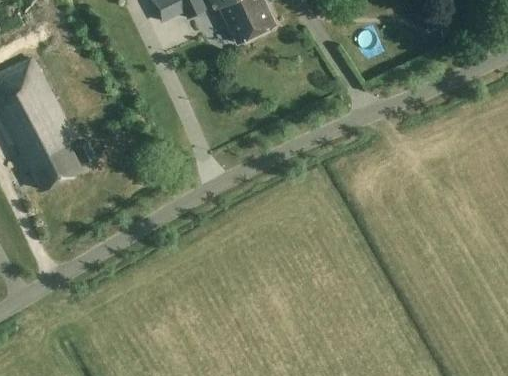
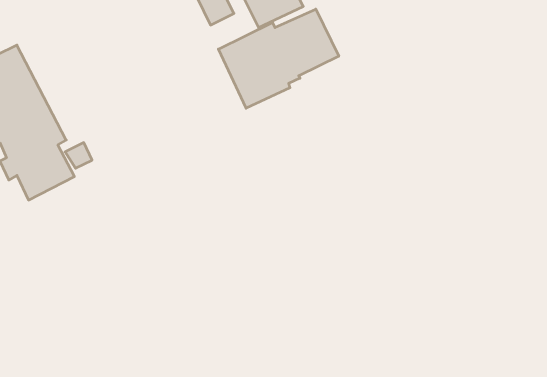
building: none -> [218,9,339,108]

